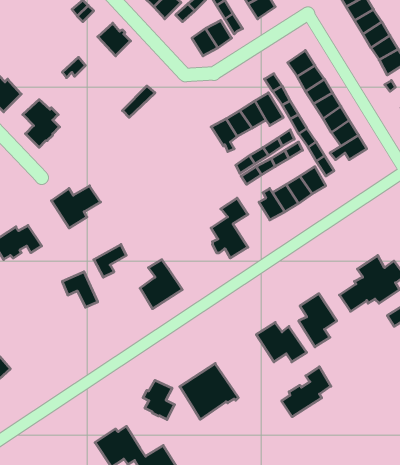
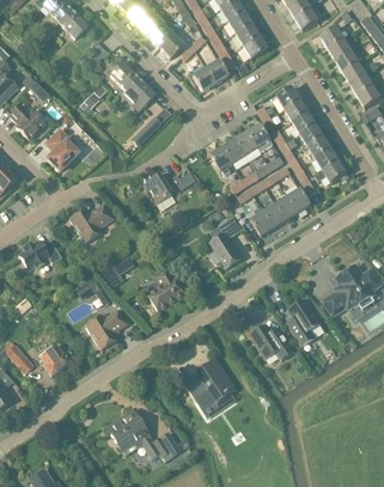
building: none -> [121,77,154,110]
building: none -> [144,171,184,202]
building: none -> [85,309,127,348]
building: none -> [38,343,69,375]
building: [282,367,331,417] -> none
building: [143,380,175,420] -> none

